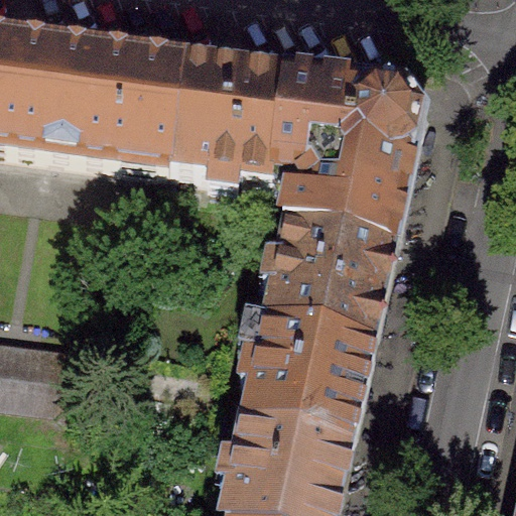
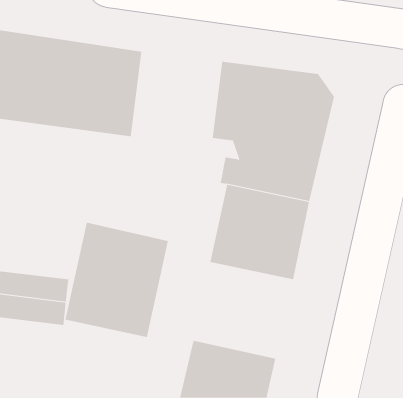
building: [165,64,278,183] -> none
building: none -> [65,222,169,338]
building: [242,329,369,449] -> none

